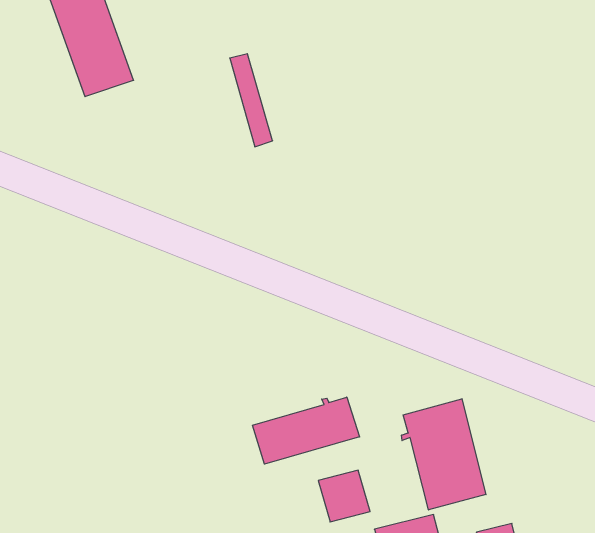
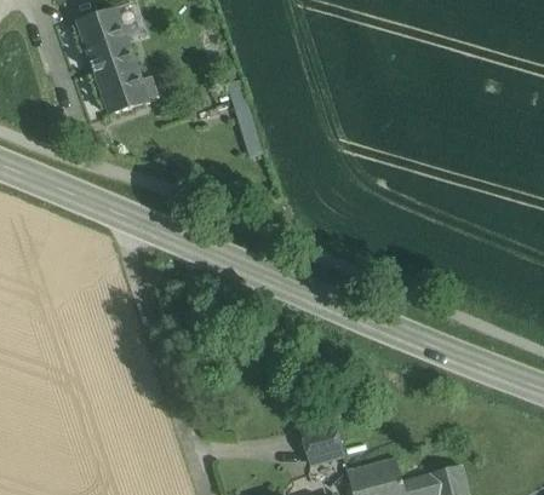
building: [252,397,360,464] -> none
building: [402,399,486,510] -> none

